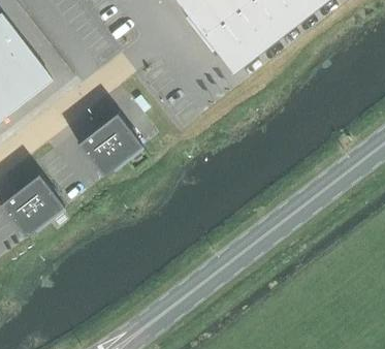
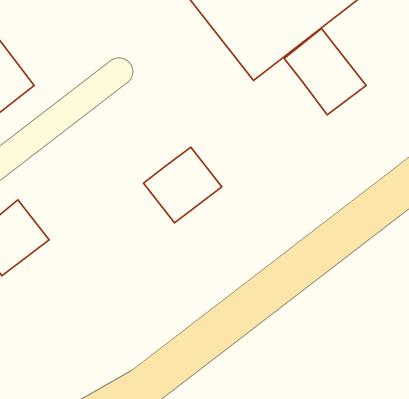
building: none -> [284,29,366,115]
building: [77,113,142,176] -> [143,147,222,223]

